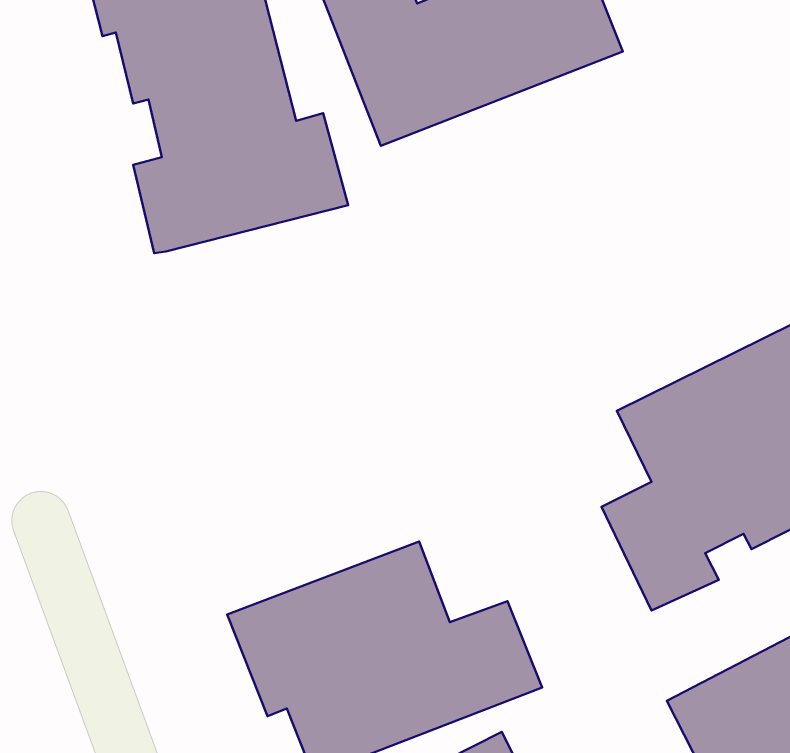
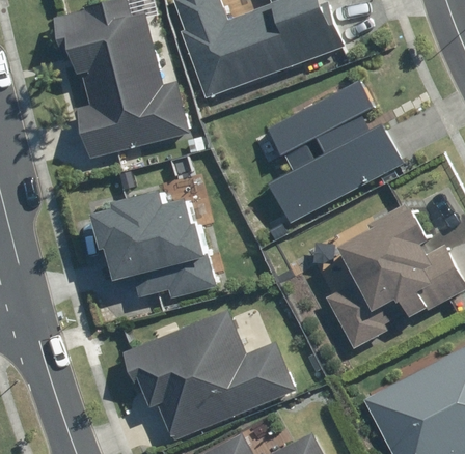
building: none -> [266,80,404,226]
building: none -> [94,189,213,306]

